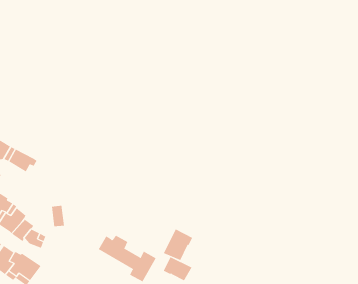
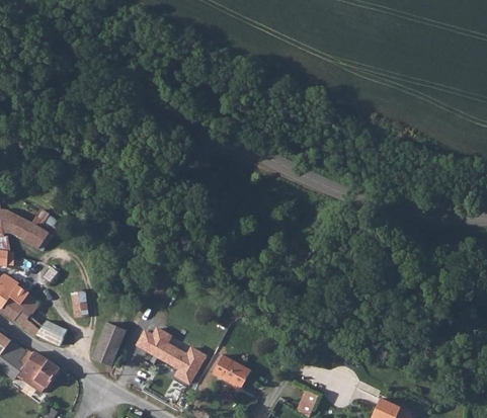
building: [163,229,193,261] -> none
building: none -> [92,323,126,366]

